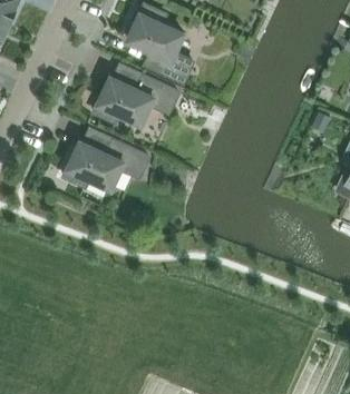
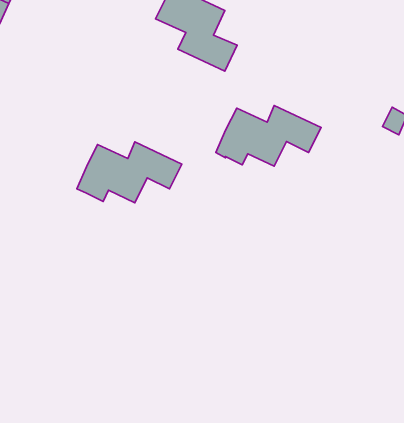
building: [94,75,178,124] -> [216,105,321,166]

